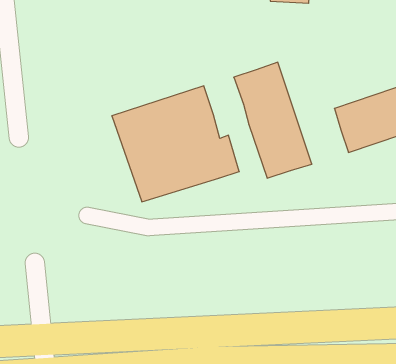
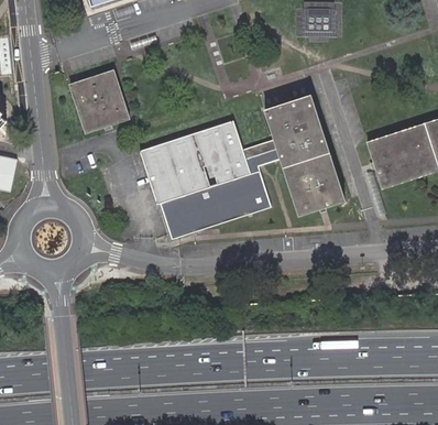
building: none -> [68,70,129,133]
building: none -> [243,139,280,174]

